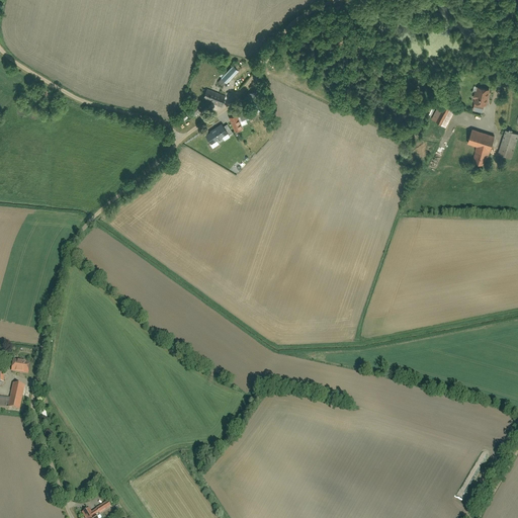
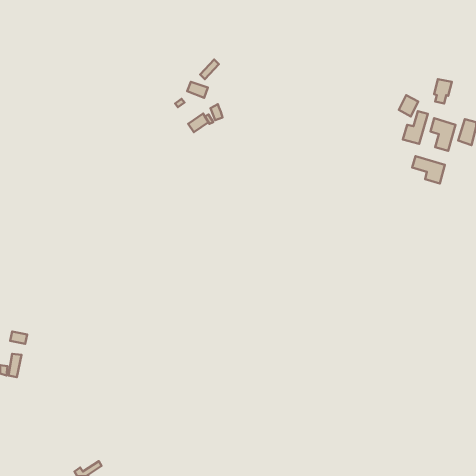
building: none -> [403,111,428,144]
building: none -> [412,156,445,184]

